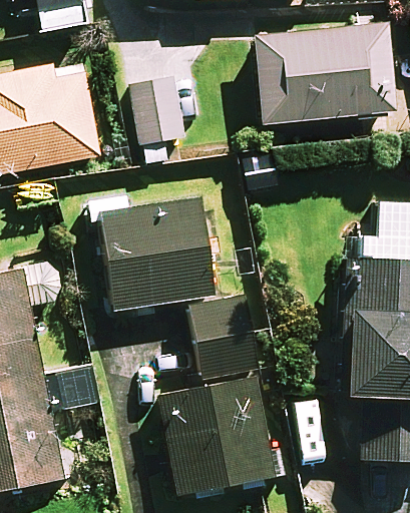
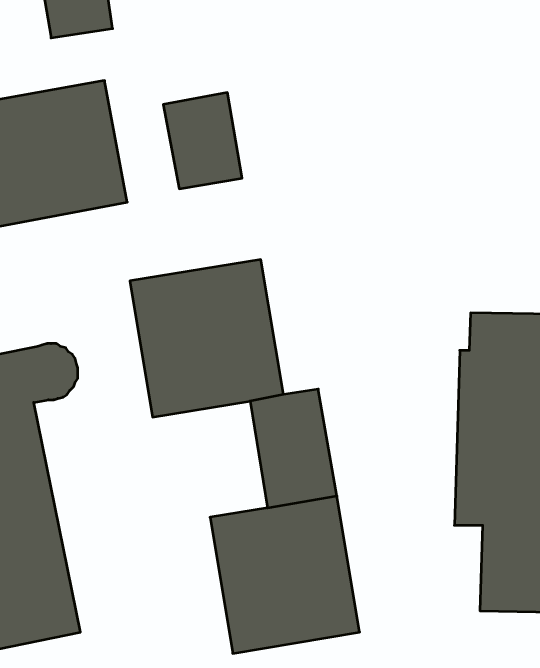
building: [255,26,395,123] -> none

